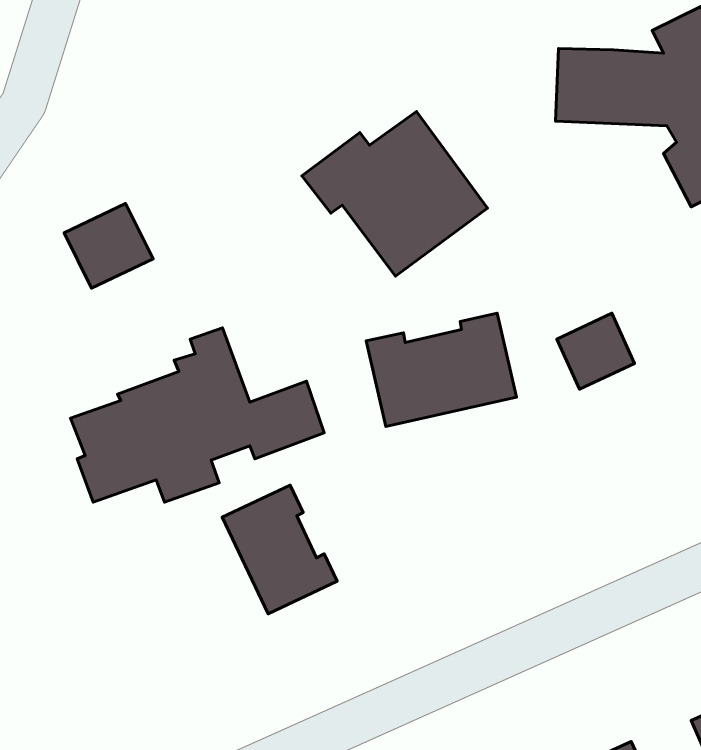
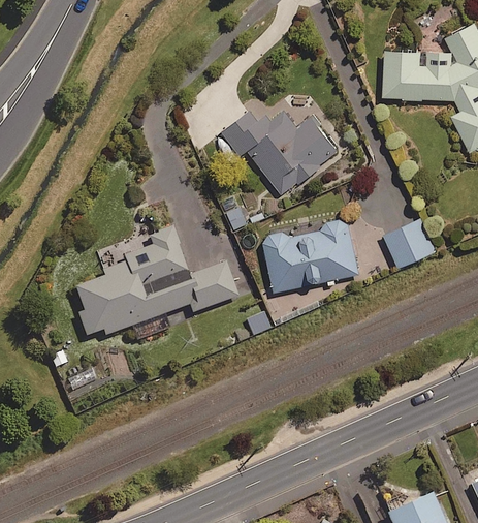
building: [64,203,153,288] -> none
building: [222,485,337,614] -> none

